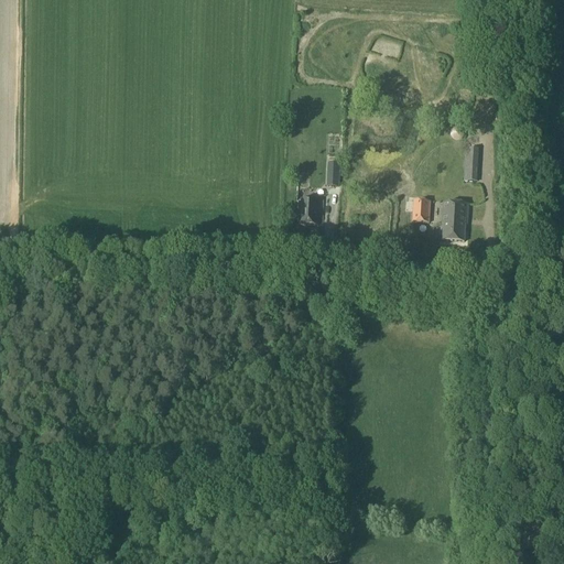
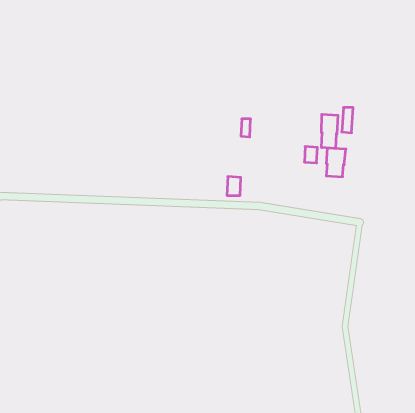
building: none -> [322,114,338,148]
building: [301,197,319,223] -> [227,177,241,195]

